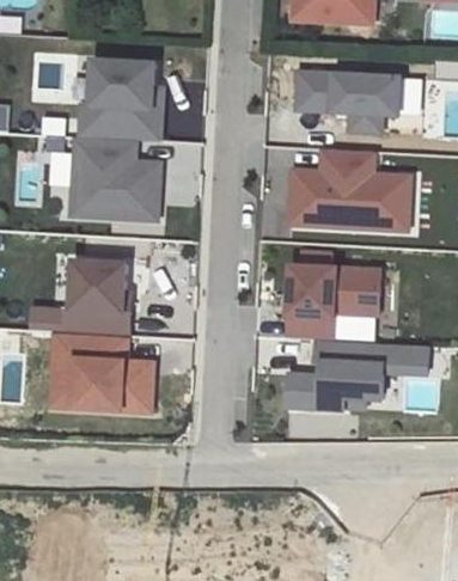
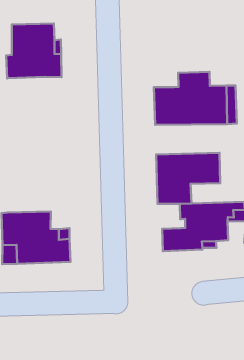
building: [295,61,399,121] -> none
building: [69,139,157,221] -> none
building: [63,262,128,337] -> none

